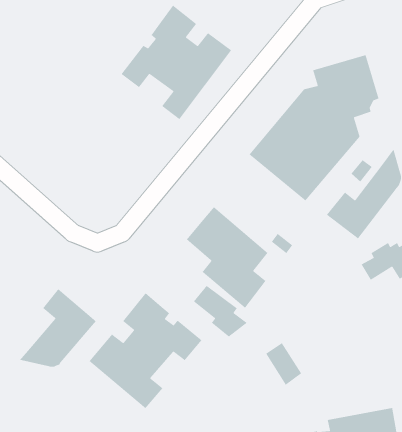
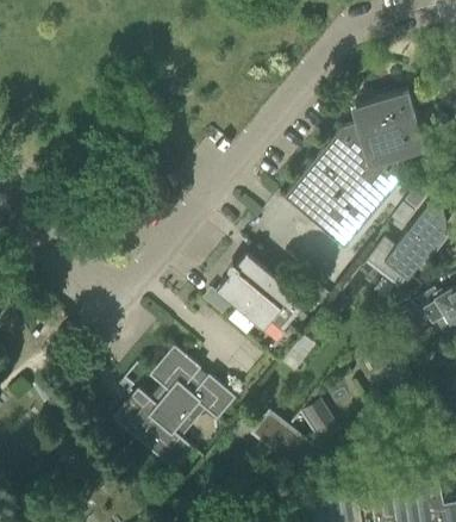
building: [121,5,232,120] -> none
building: [193,285,248,337] -> [256,411,314,467]
building: [19,288,97,368] -> none

